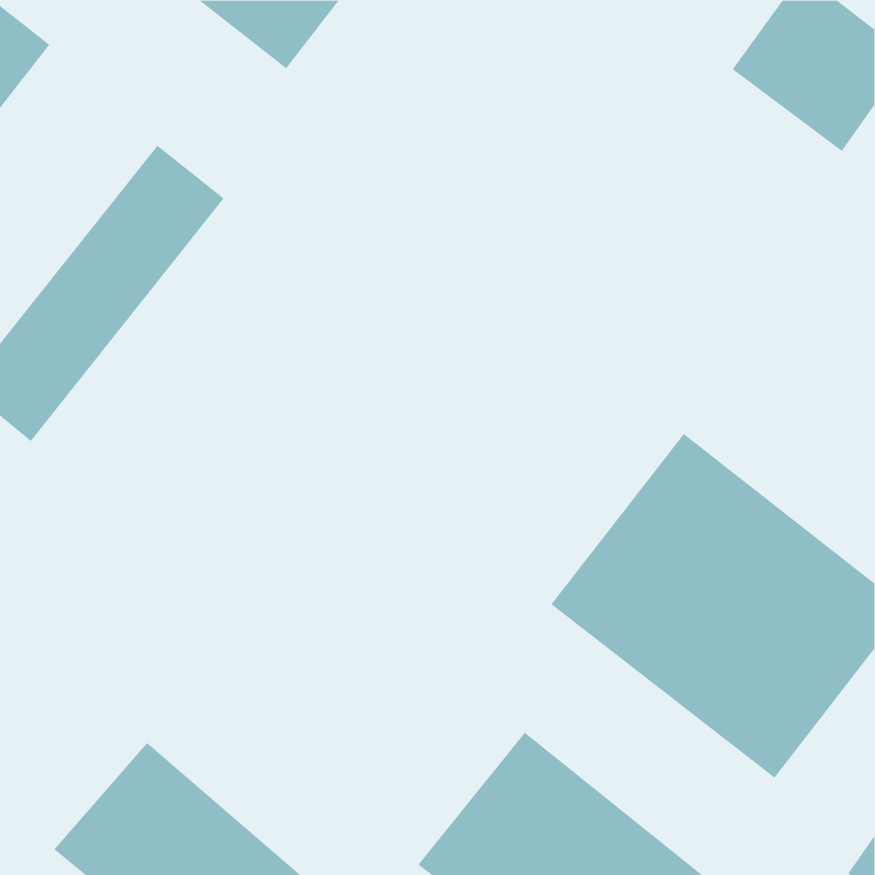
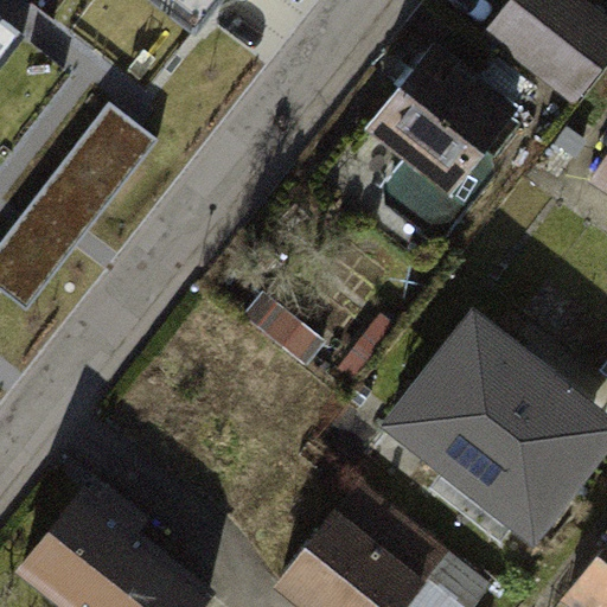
building: none -> [369,68,518,218]

